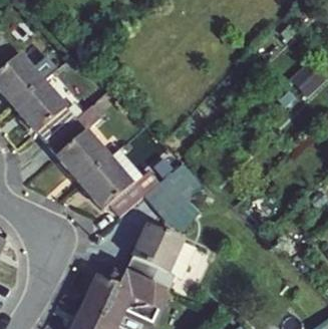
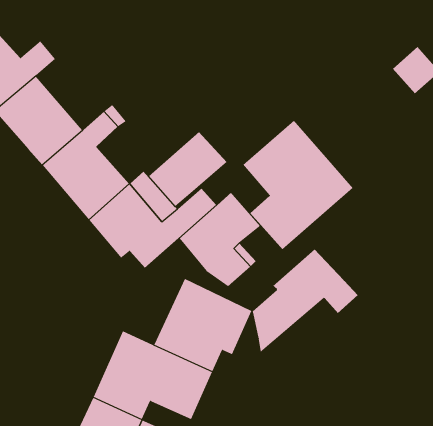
building: none -> [242,120,354,250]
building: none -> [148,131,228,207]
building: none -> [252,249,358,353]

